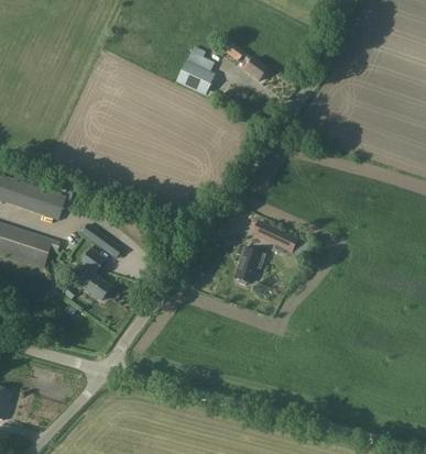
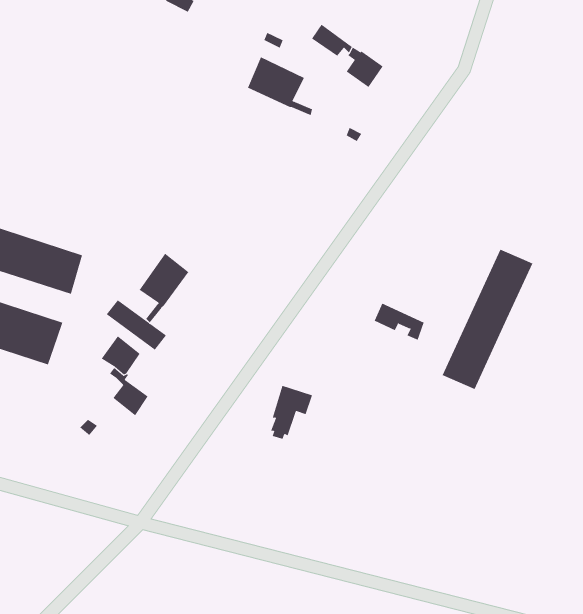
building: none -> [442,249,533,390]
building: none -> [139,253,189,323]
building: [237,247,265,284] -> [270,385,313,439]

